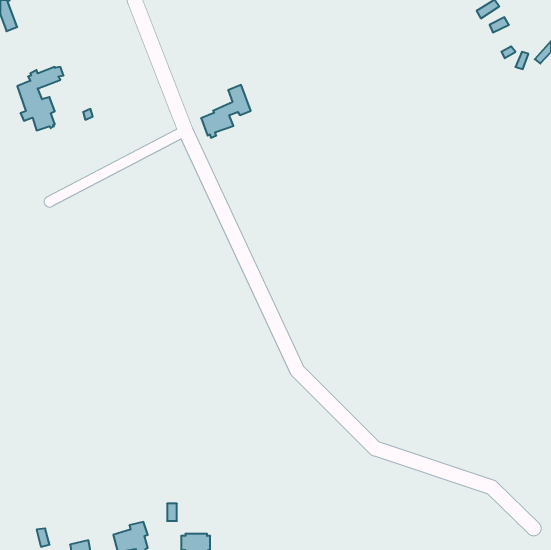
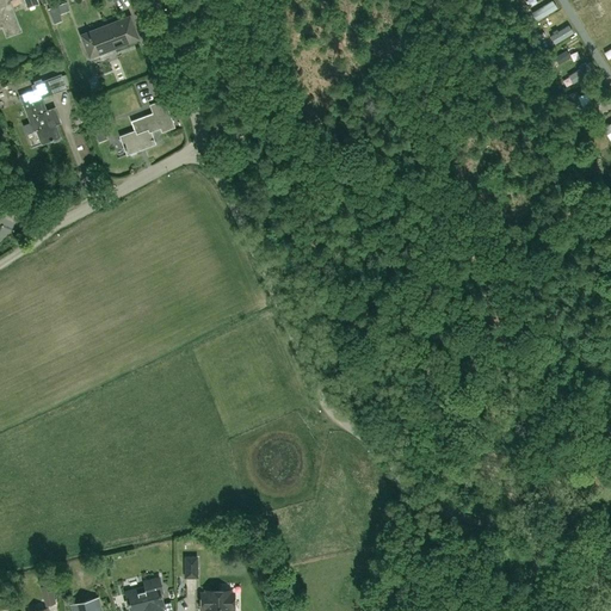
building: none -> [80,20,138,56]
building: [201,85,251,138] -> [119,100,174,159]

